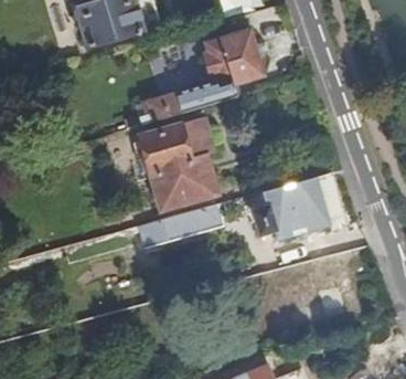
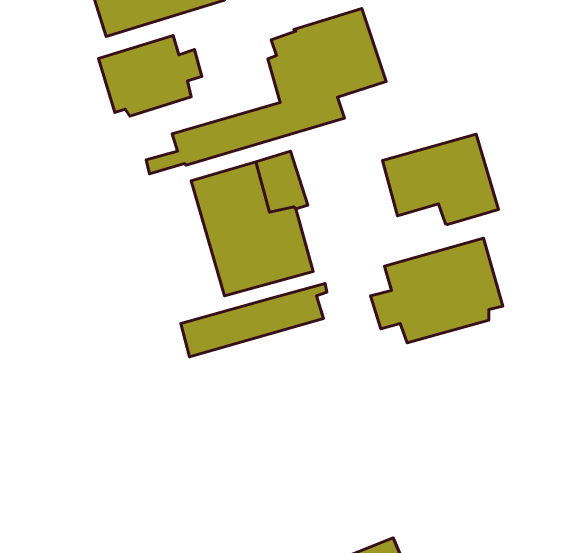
building: none -> [98,36,202,116]
building: none -> [383,134,498,224]

